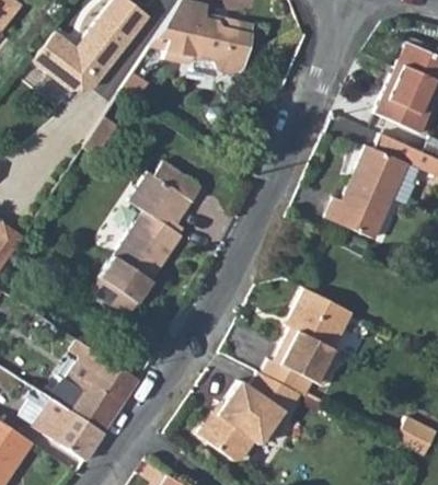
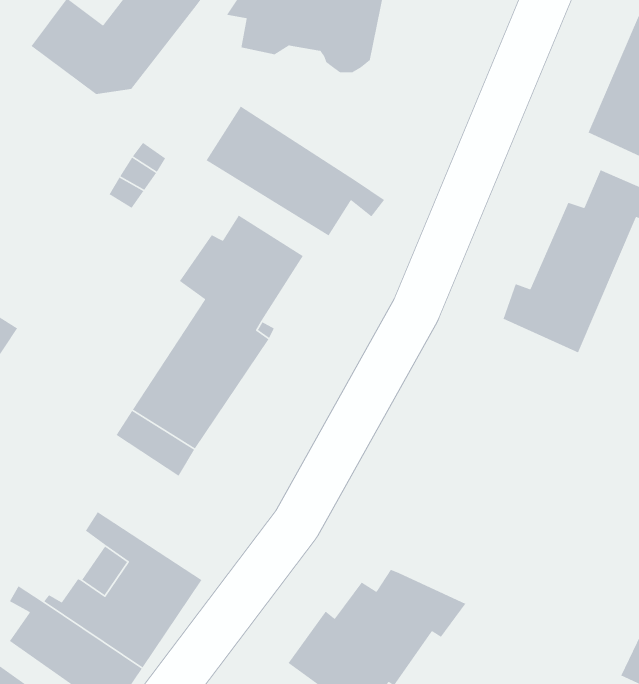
building: none -> [206,106,385,236]
building: [260,291,345,400] -> none

